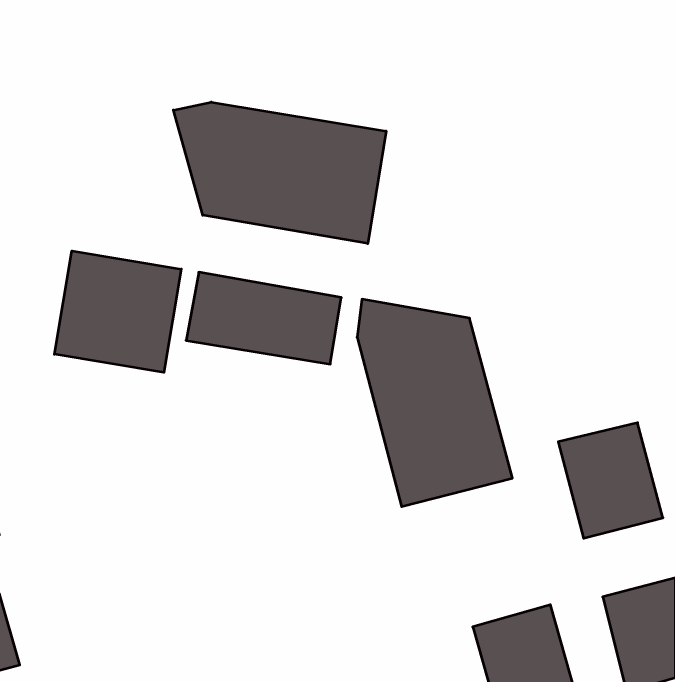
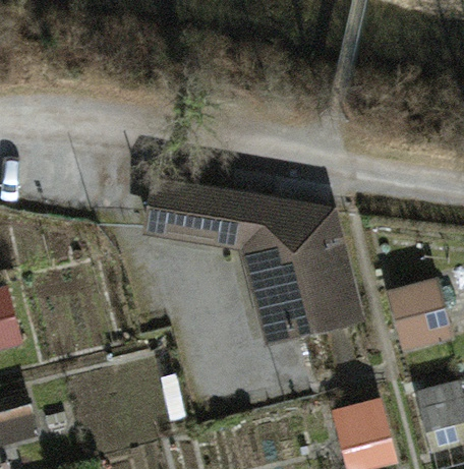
building: [173,102,386,244] -> none
building: [54,251,181,372] -> none

